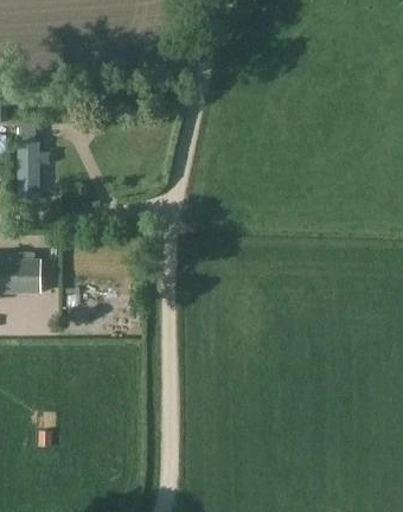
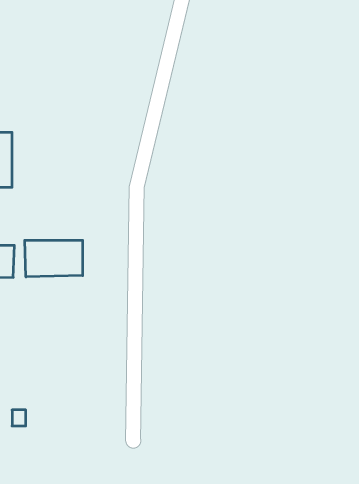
building: none -> [25,240,83,277]

